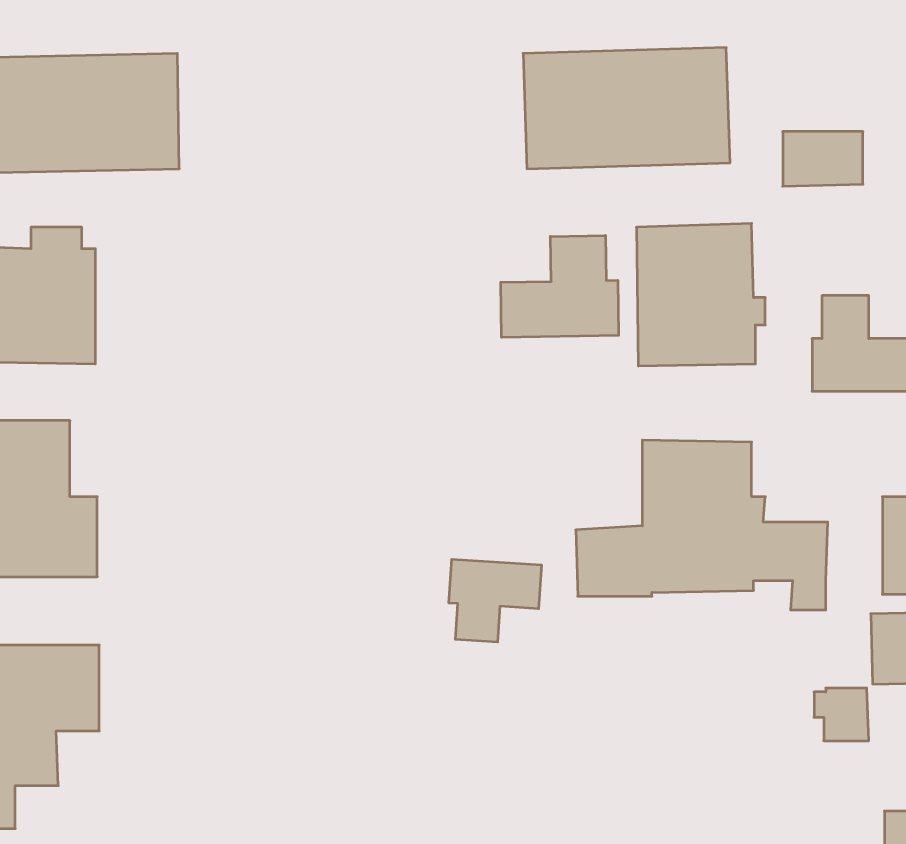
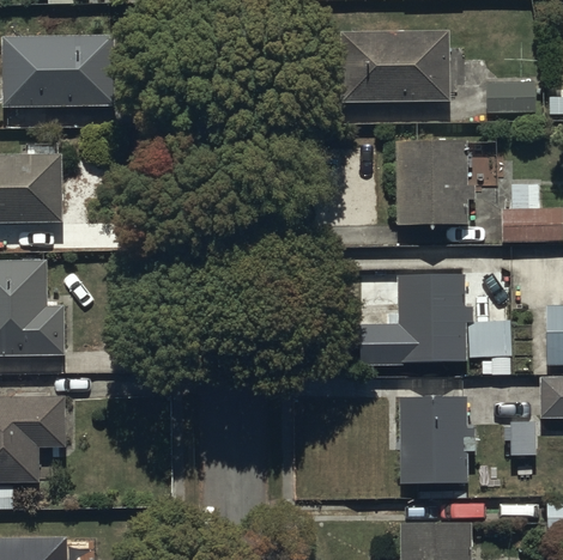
building: [501,235,619,337] -> none
building: [449,559,541,642] -> none
building: none -> [398,395,474,499]

